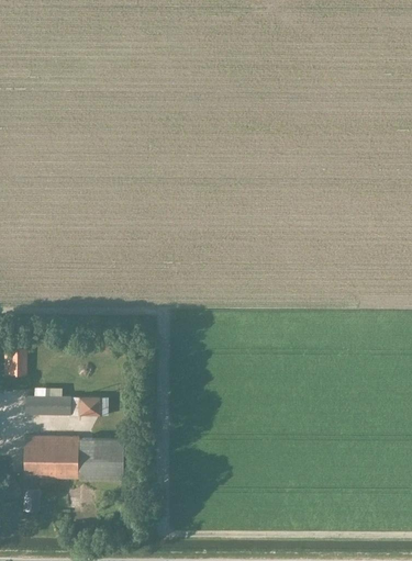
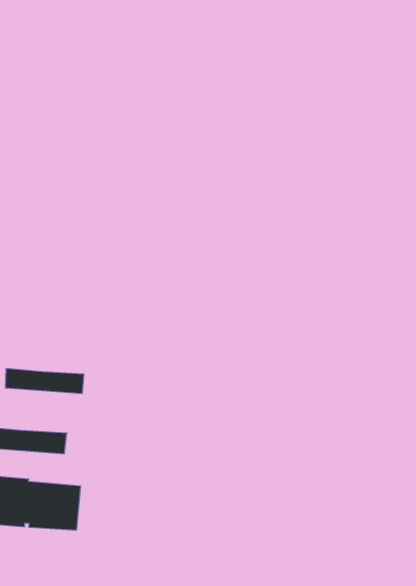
building: none -> [6,368,84,394]

